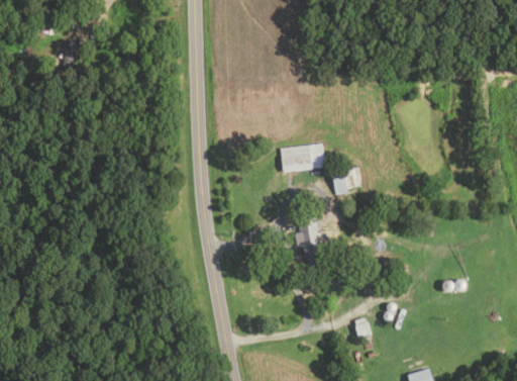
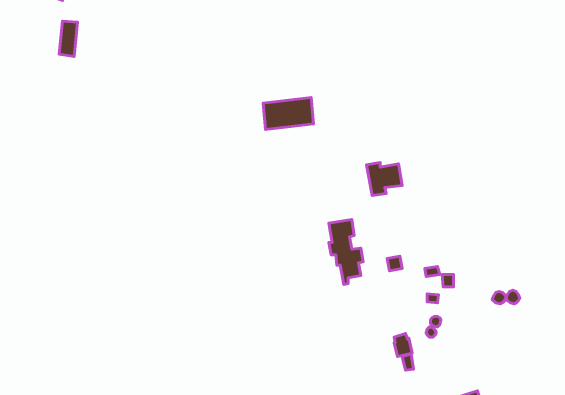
building: [280,144,324,172] -> [263,97,313,129]

